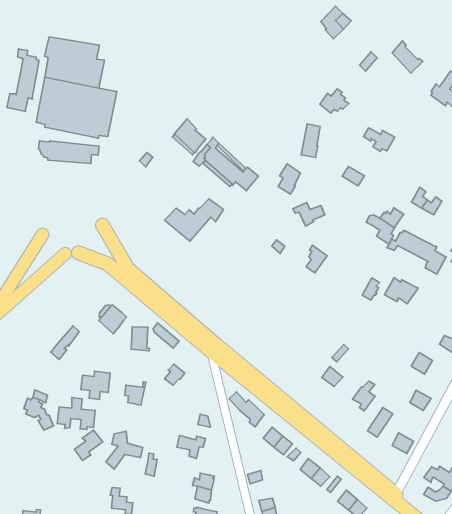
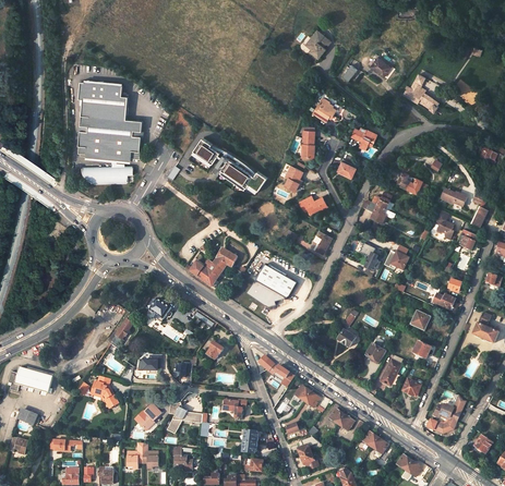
building: [7,49,39,112] -> none
building: [165,199,223,241] -> [189,248,237,285]
building: [387,230,446,274] -> none
building: none -> [248,264,297,306]
building: [57,398,95,429] -> [127,442,157,469]

